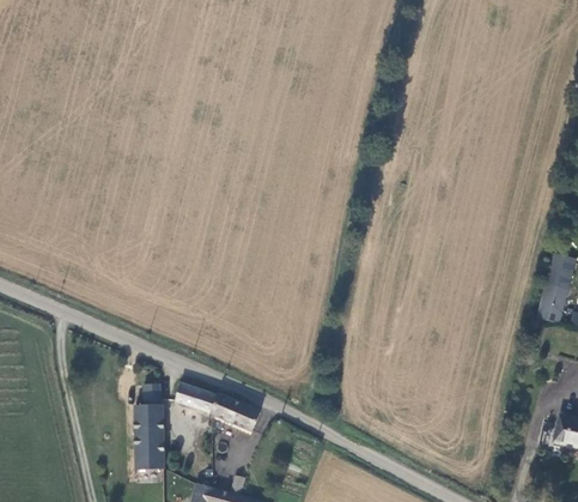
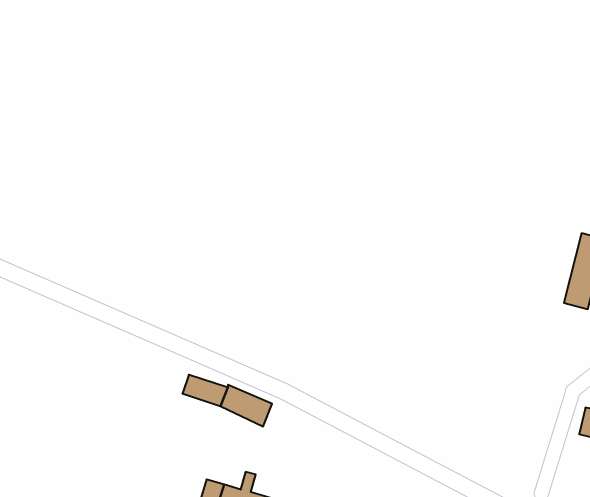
building: [135,386,163,471] -> none

